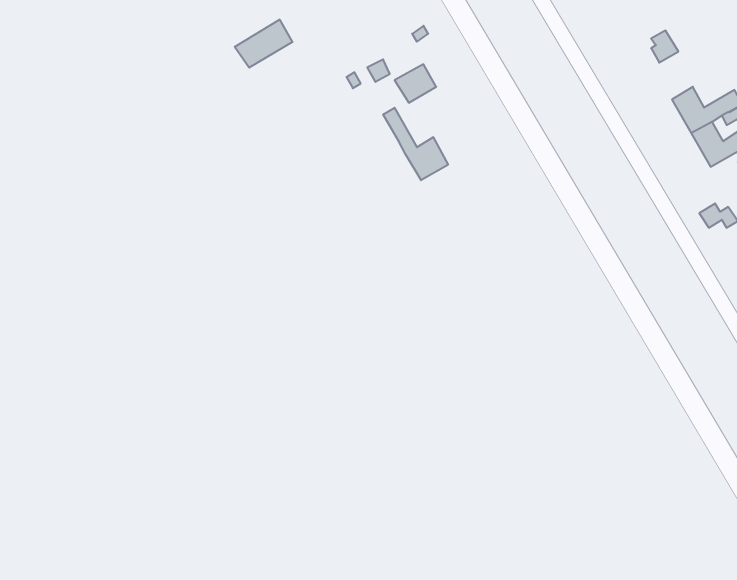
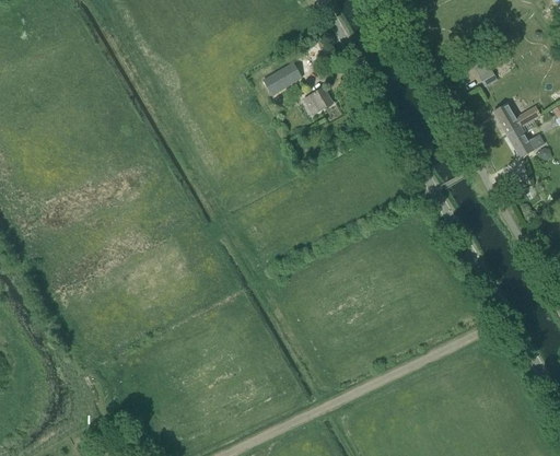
building: [235,20,293,68] -> [261,60,301,93]
building: [383,108,448,180] -> none

